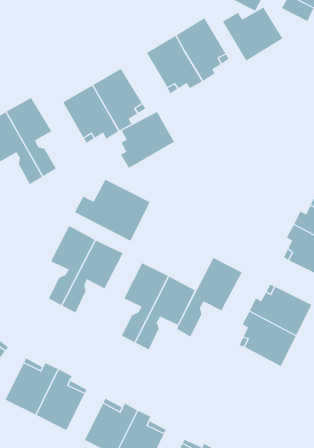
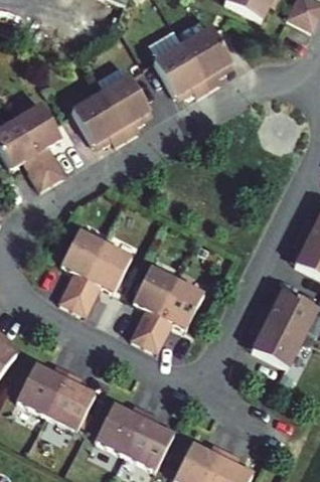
building: [222,7,283,61] -> none
building: [120,111,175,168] -> none
building: [74,179,150,242] -> none
building: [176,257,242,337] -> none

